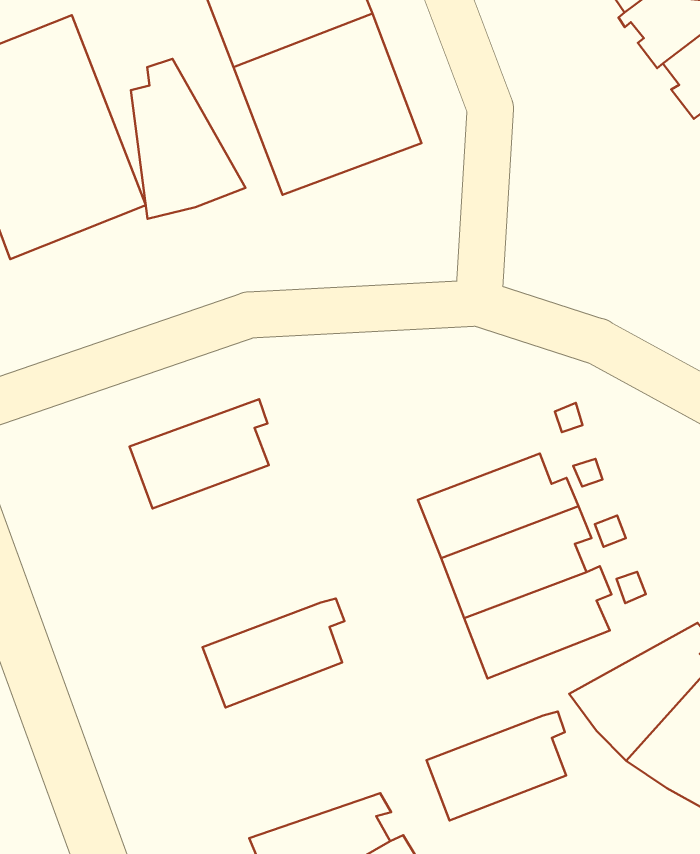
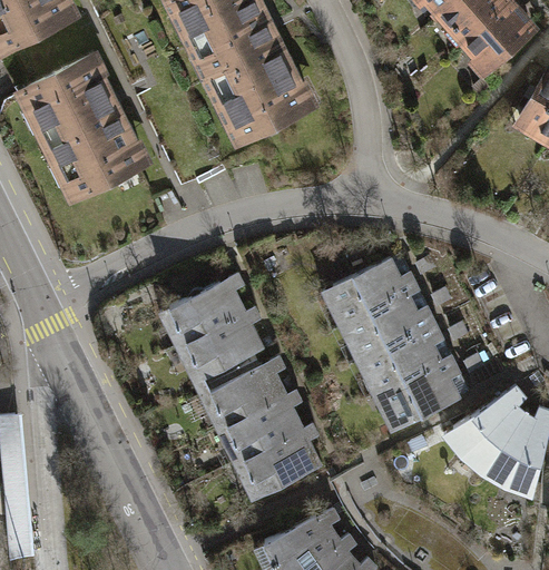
building: [131,59,246,219] -> none
building: none -> [322,255,420,326]
building: none -> [176,309,262,381]
building: none -> [198,356,285,430]
building: [426,711,566,820] -> [233,428,320,501]

